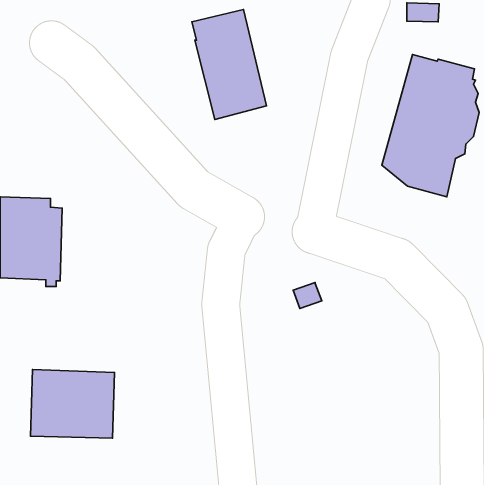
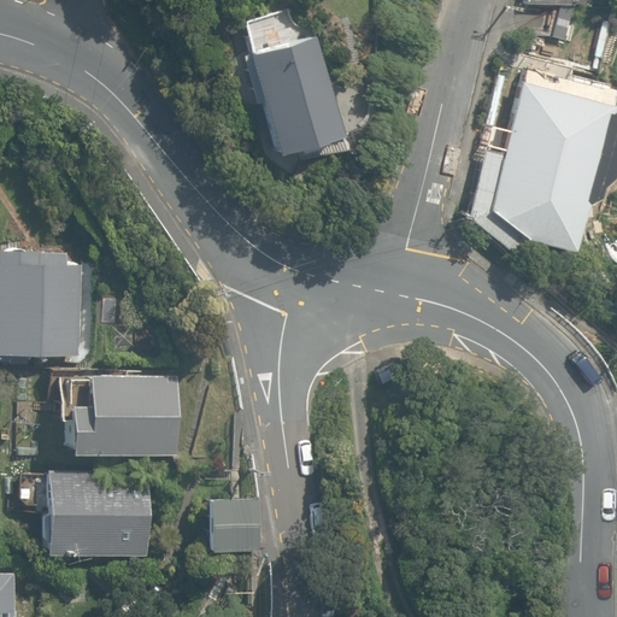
building: none -> [66,375,180,456]
building: none -> [207,500,258,552]

